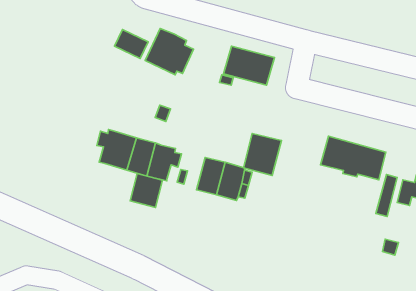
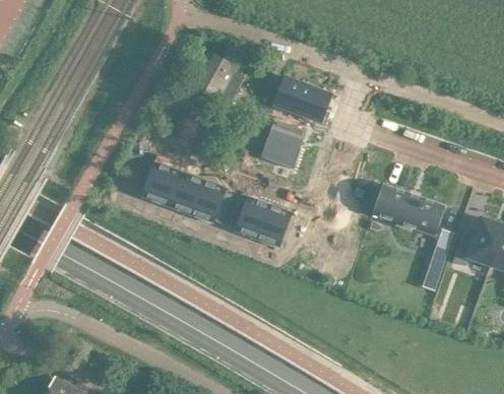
building: [114,30,148,58] -> none
building: [244,133,282,176] -> [261,122,305,170]
building: [130,173,162,207] -> none

